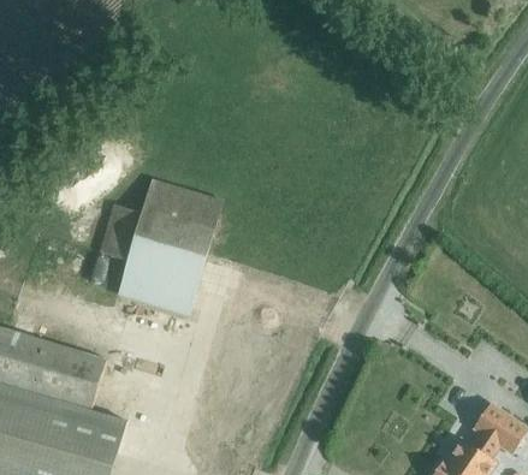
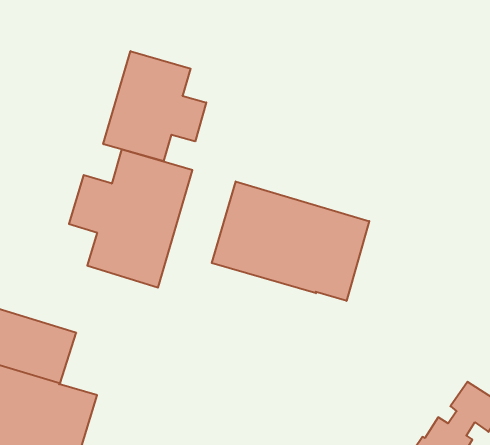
building: none -> [103,51,206,161]
building: none -> [212,181,369,301]

